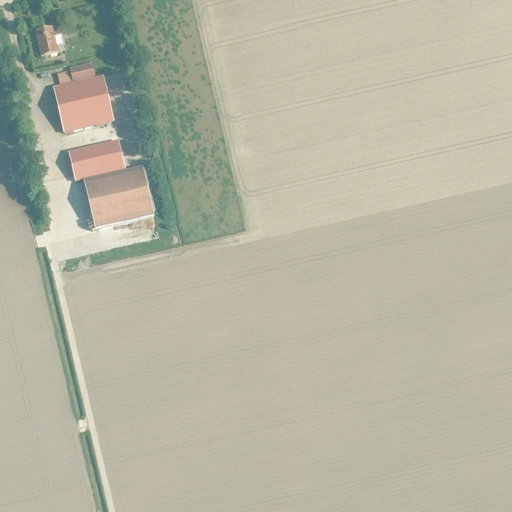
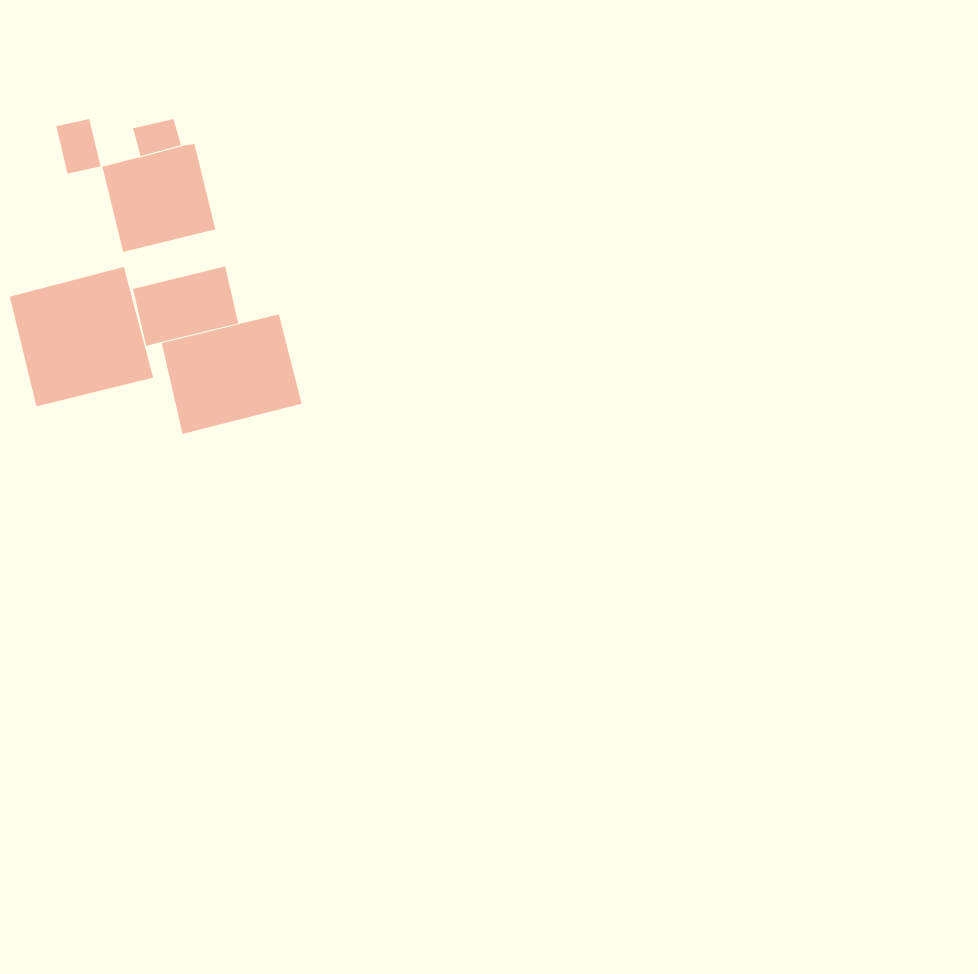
building: [34,26,58,55] -> [56,119,101,174]
building: none -> [9,266,154,407]

